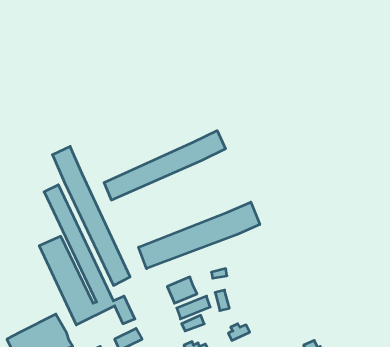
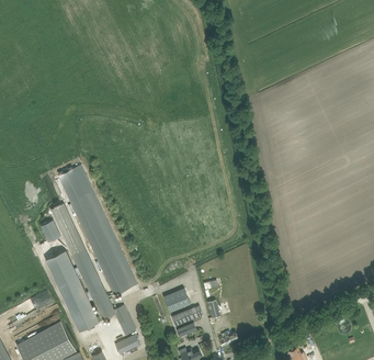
building: [104,131,225,200] -> none
building: [139,202,260,269] -> none

